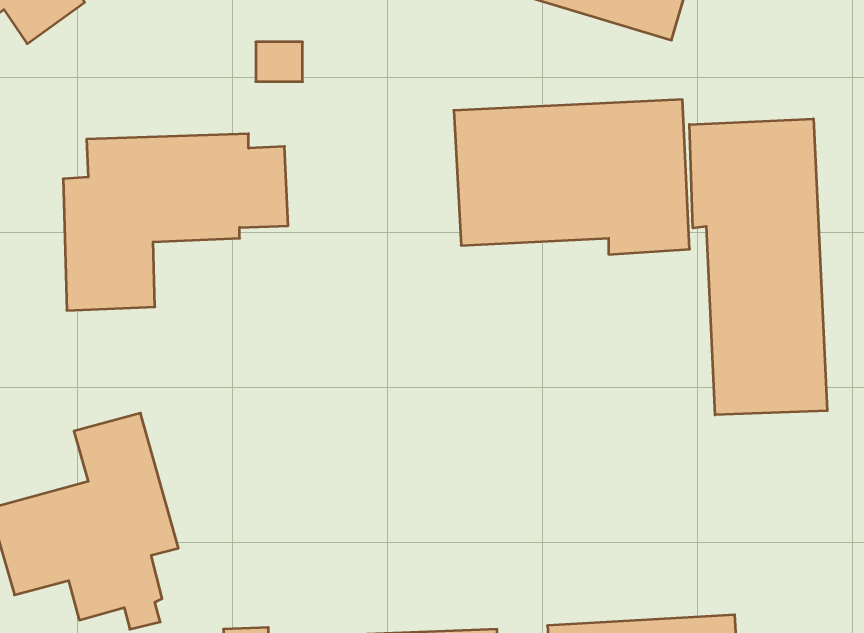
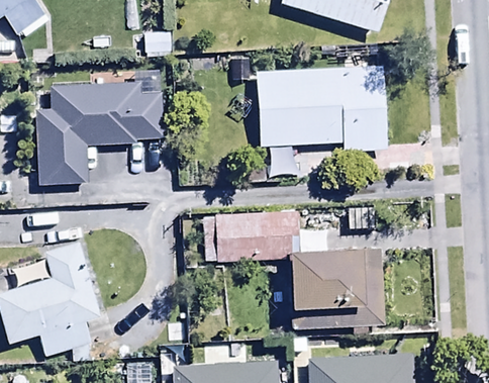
building: [689,119,827,415] -> none
building: none -> [204,210,384,331]

